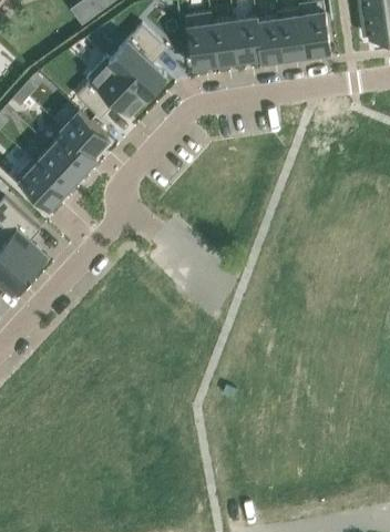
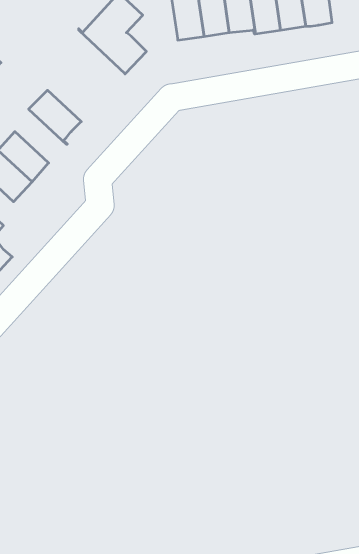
building: [76,59,147,117] -> none
building: [50,129,95,176] -> none

